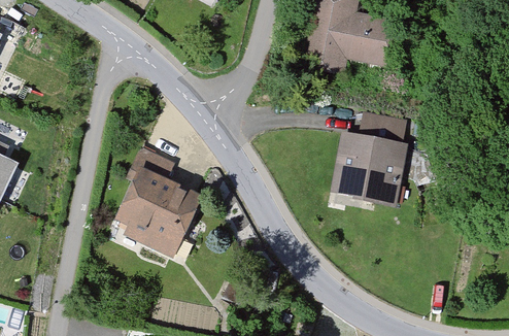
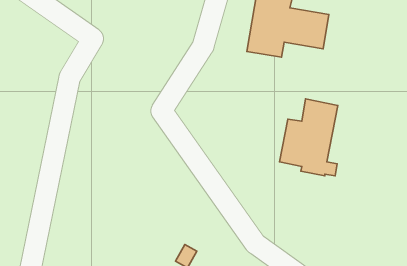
building: [120,153,195,250] -> none

